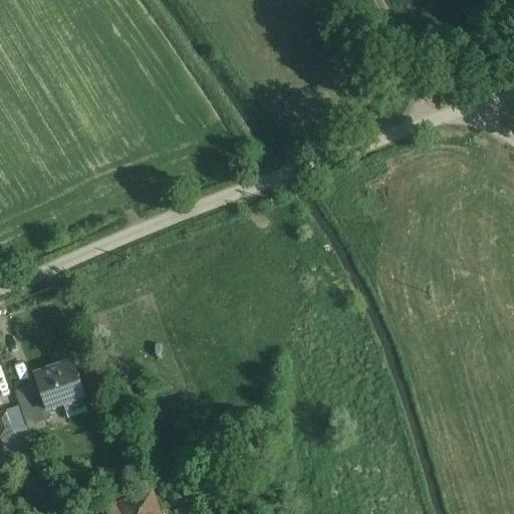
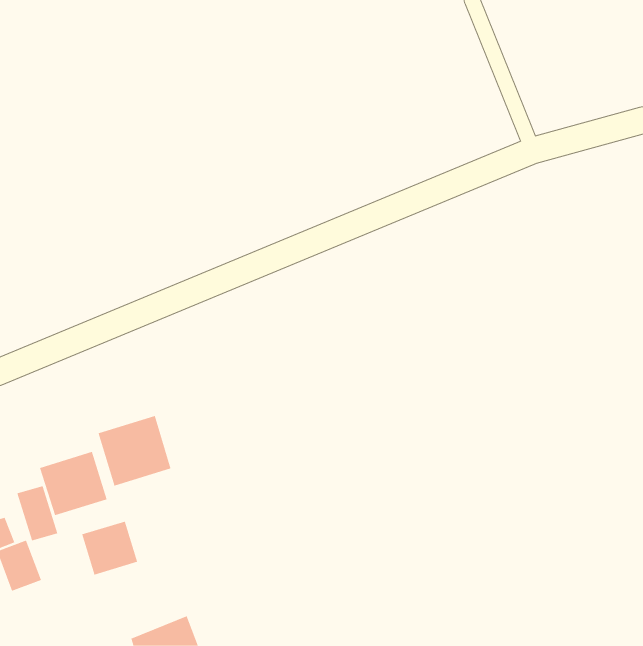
building: none -> [98,415,171,486]
building: none -> [81,521,138,575]

